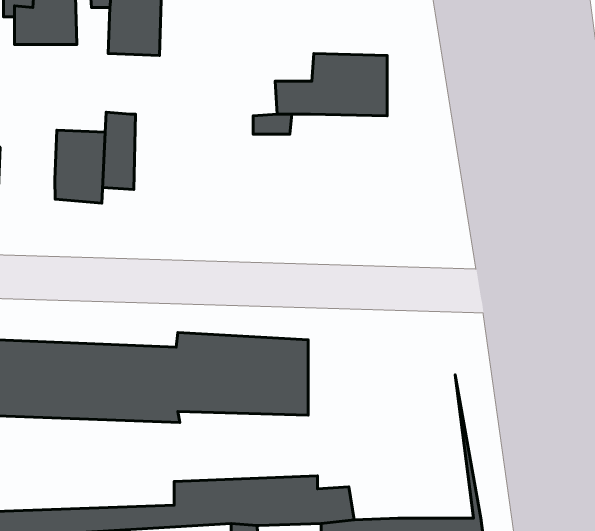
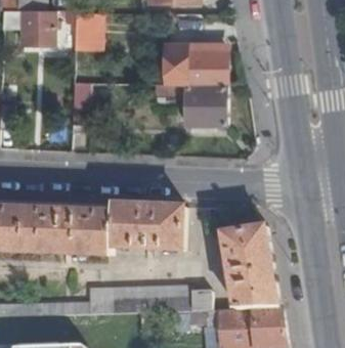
building: none -> [185,82,228,124]
building: [55,130,105,203] -> none
building: none -> [223,227,276,307]

